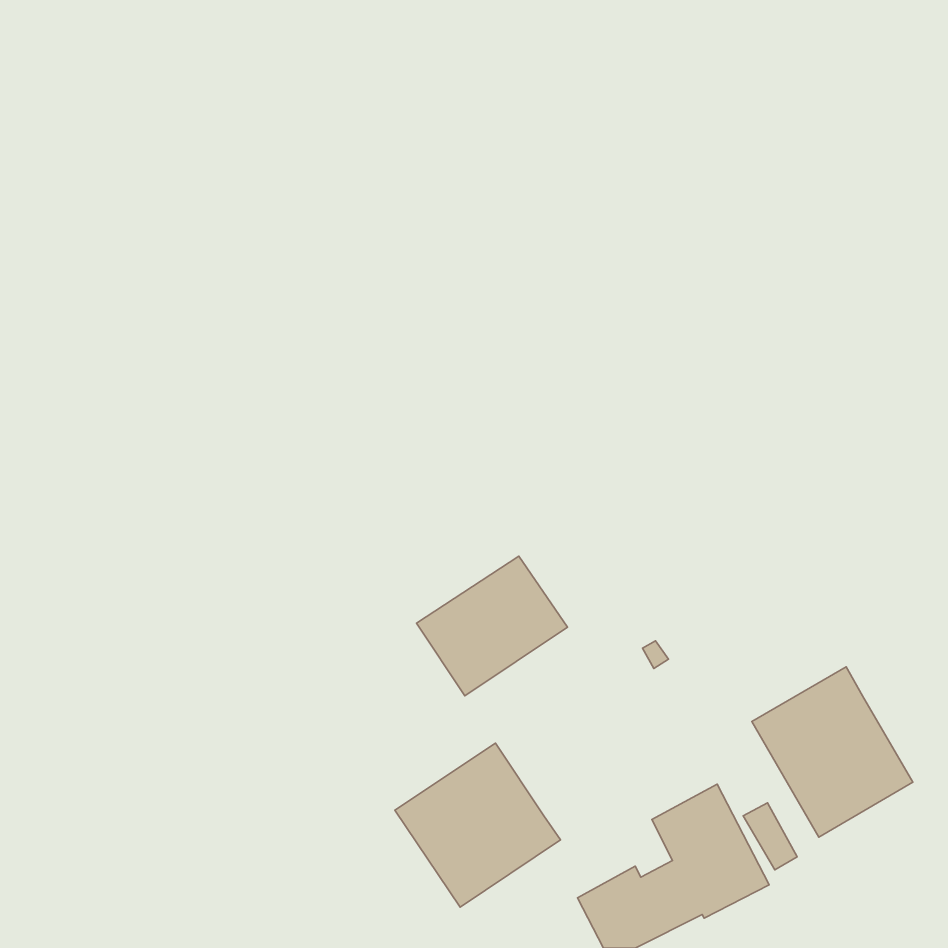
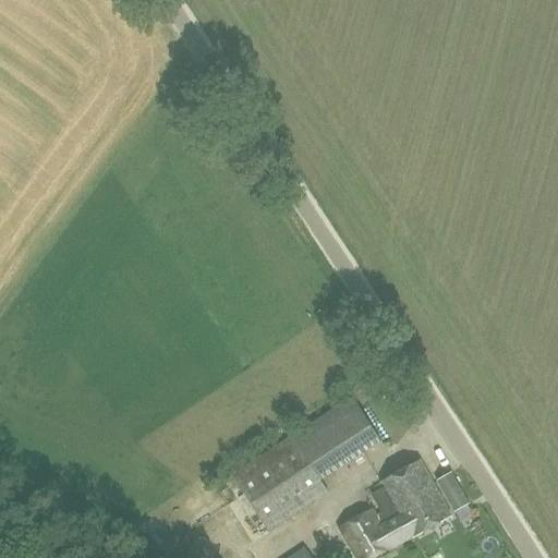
building: [417,556,567,696] -> [290,396,378,477]
building: [752,667,913,837] -> none

